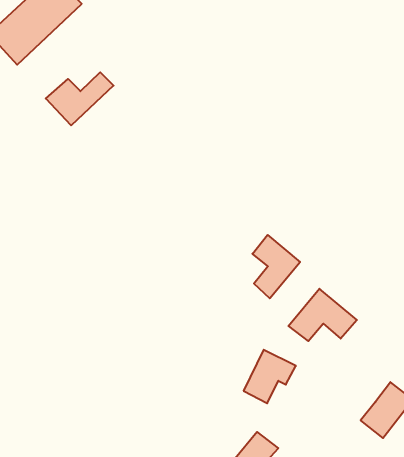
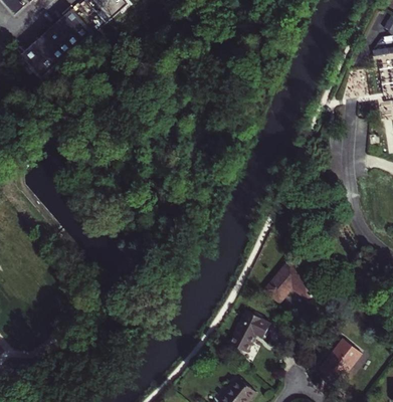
building: [46,72,114,125] -> none
building: [252,235,300,298] -> none

